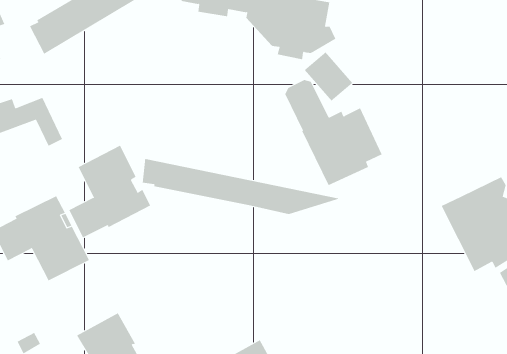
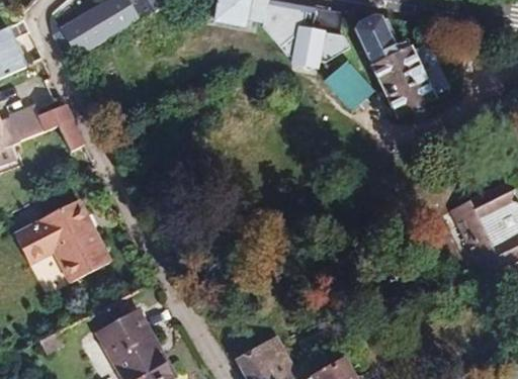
building: [284,79,383,186] -> [354,15,449,118]
building: [68,145,151,238] -> none
building: [142,158,341,215] -> none

